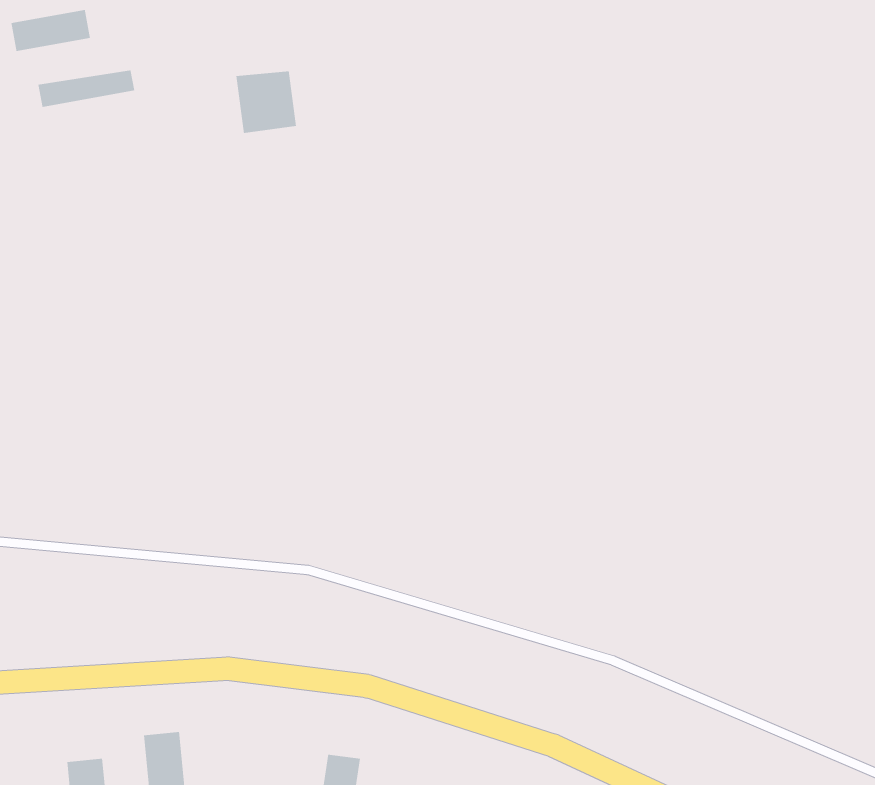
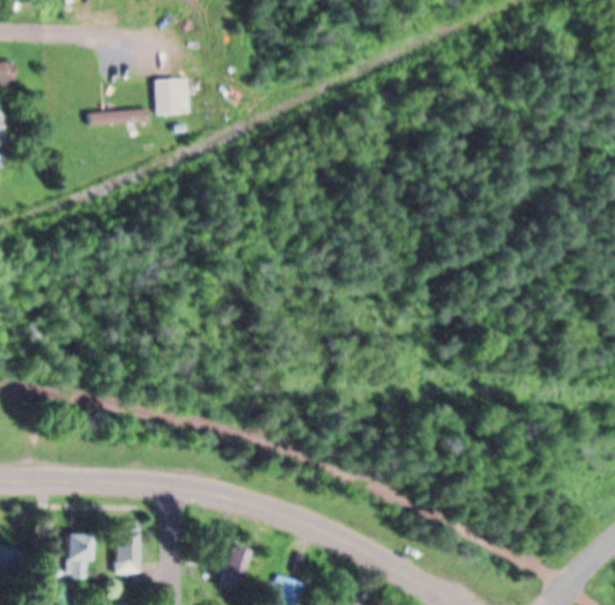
building: [11,9,90,52] -> none
building: [236,71,297,133] -> [156,78,191,114]

